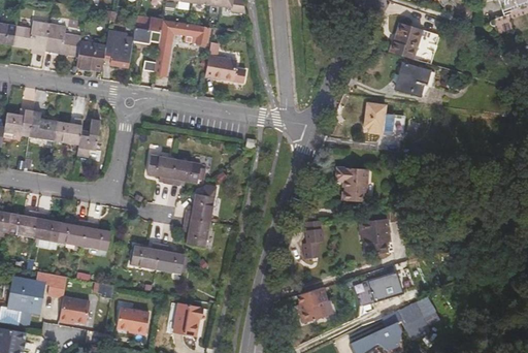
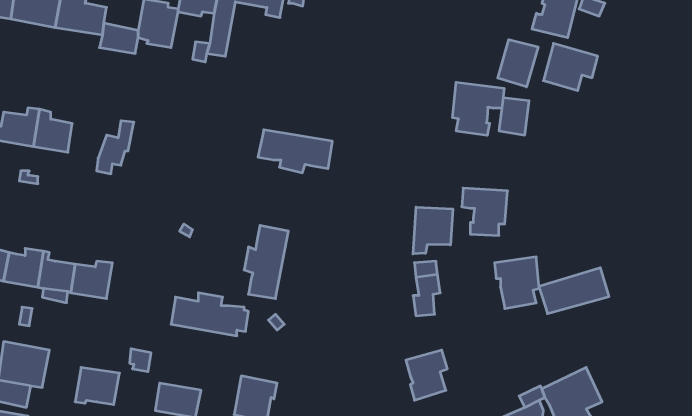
building: [206,41,237,81] -> none
building: none -> [498,40,538,87]
building: none -> [453,82,504,135]
building: [55,118,84,146] -> none
building: [144,156,198,187] -> [258,130,332,173]
building: none -> [413,207,453,254]
building: [82,221,108,251] -> none
building: [350,271,400,304] -> [539,268,609,314]
building: [37,272,68,297] -> none

